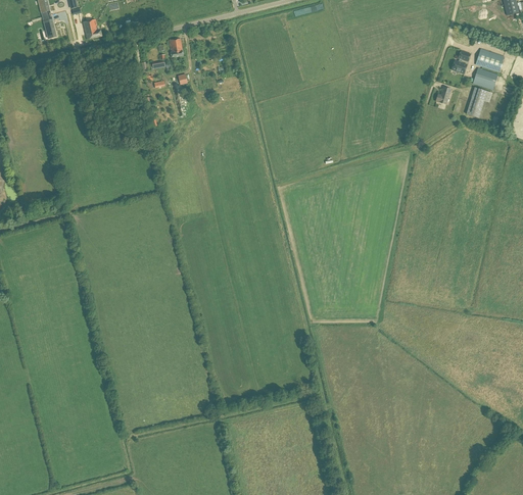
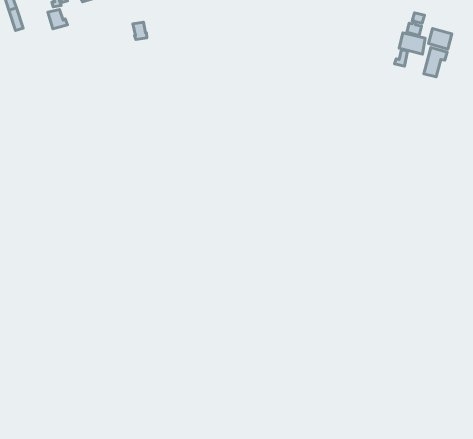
building: [475,48,503,71] -> [399,33,425,54]

